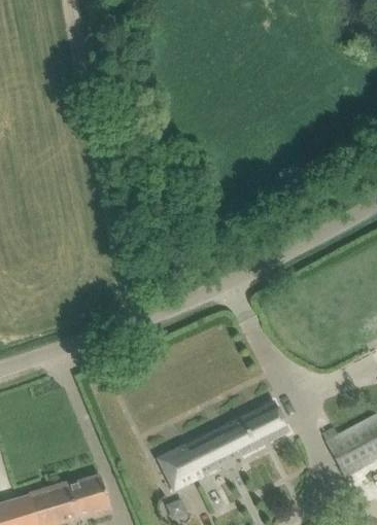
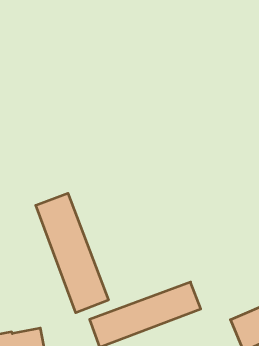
building: none -> [36,193,108,313]

